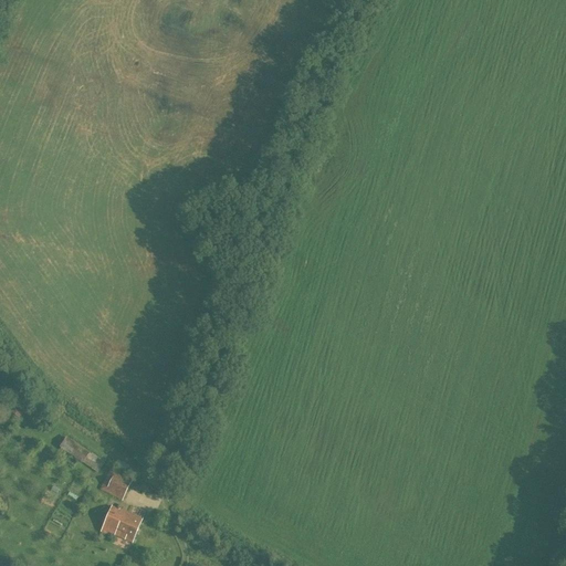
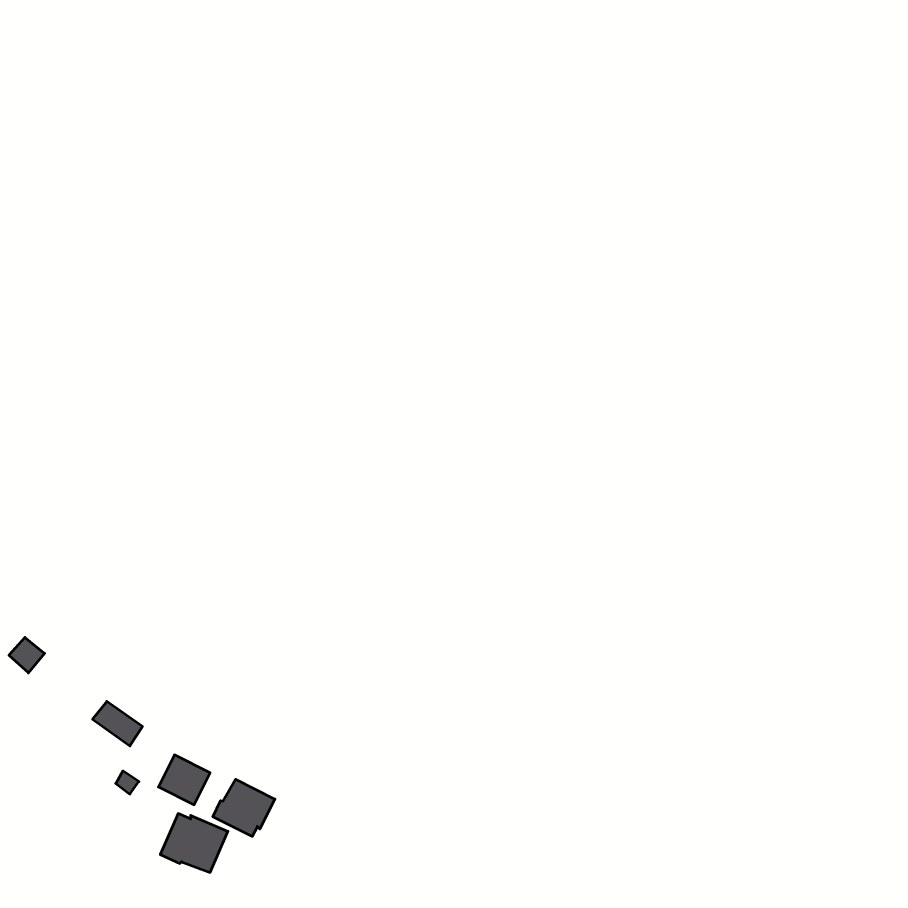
building: none -> [213,779,275,836]

